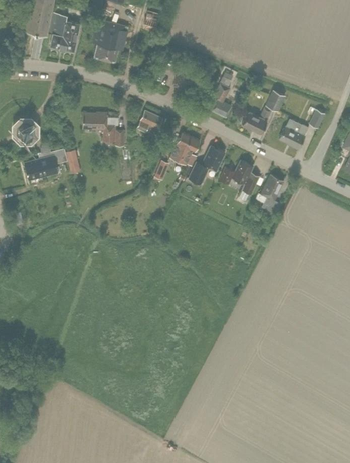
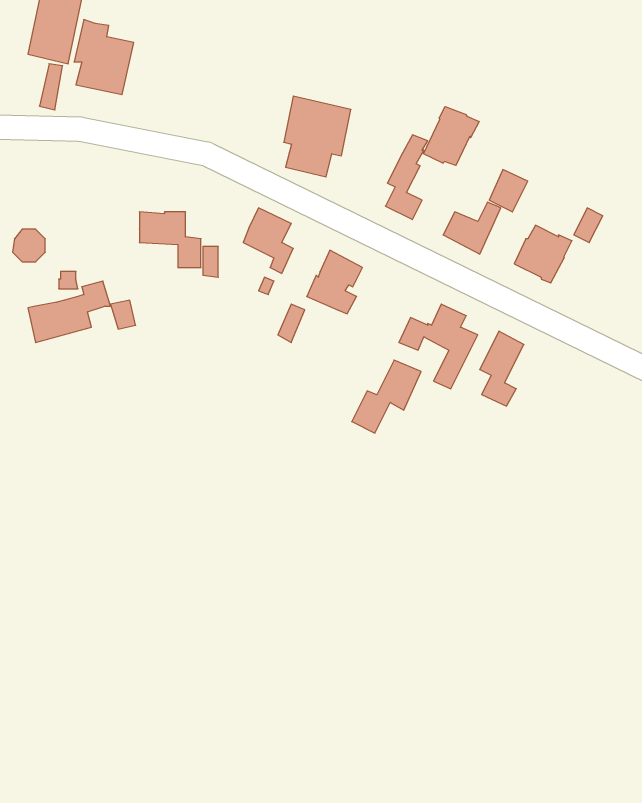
building: [92,18,127,60] -> [284,96,351,177]
building: none -> [424,107,479,165]
building: [188,145,224,183] -> [352,360,421,433]

